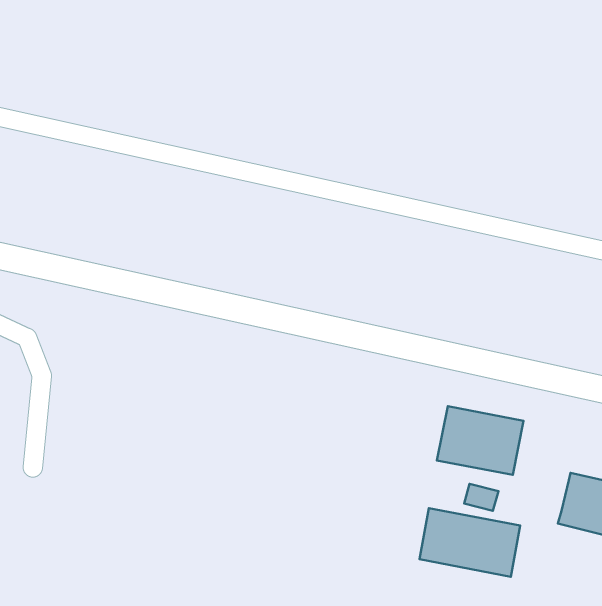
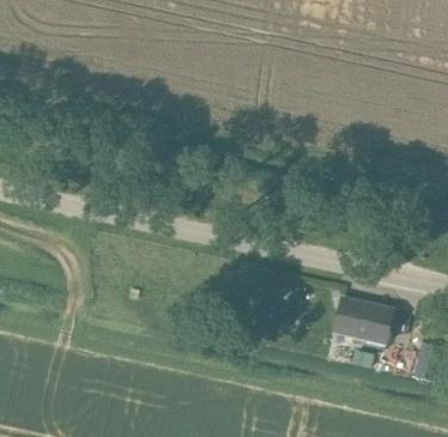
building: [420,508,520,577] -> none

